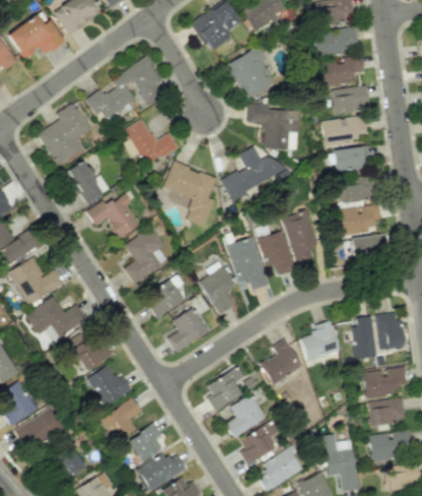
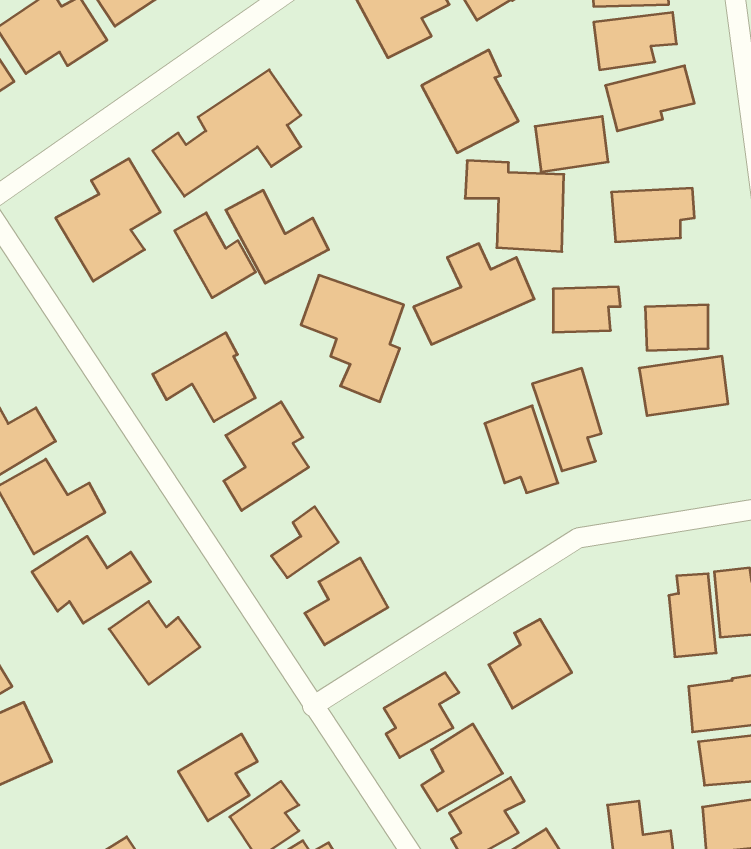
building: [331,85,368,114] -> [535,116,608,172]
building: [334,147,368,171] -> [553,287,620,332]
building: [68,161,110,204] -> [175,213,256,298]
building: [351,235,381,258] -> none
building: [227,238,269,290] -> none
building: [200,261,236,314] -> none
building: [300,320,340,361] -> none
building: [87,367,131,407] -> none
building: [15,408,62,451] -> none

